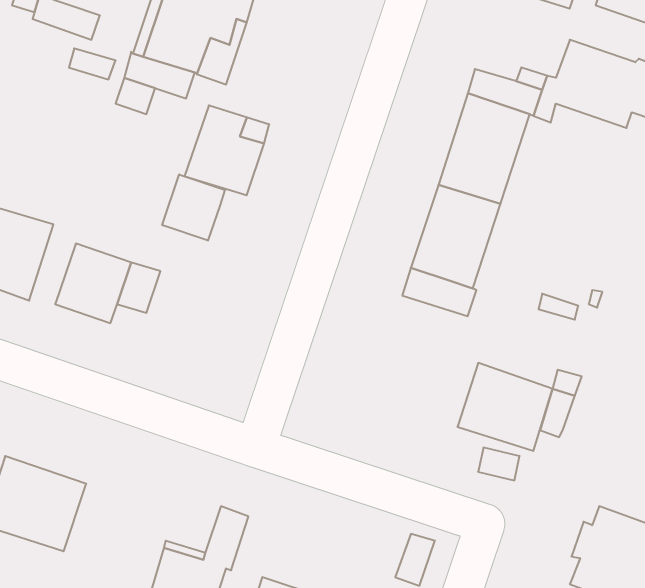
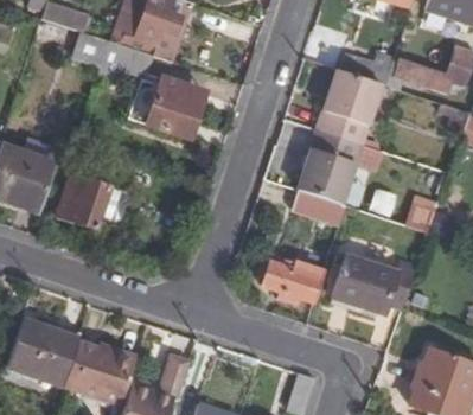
building: [162,174,225,241] -> none
building: none -> [267,254,325,304]
building: none -> [62,340,132,403]

